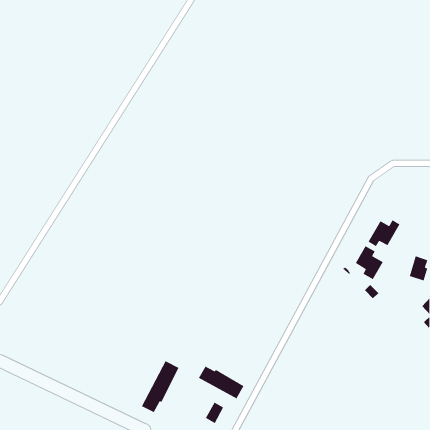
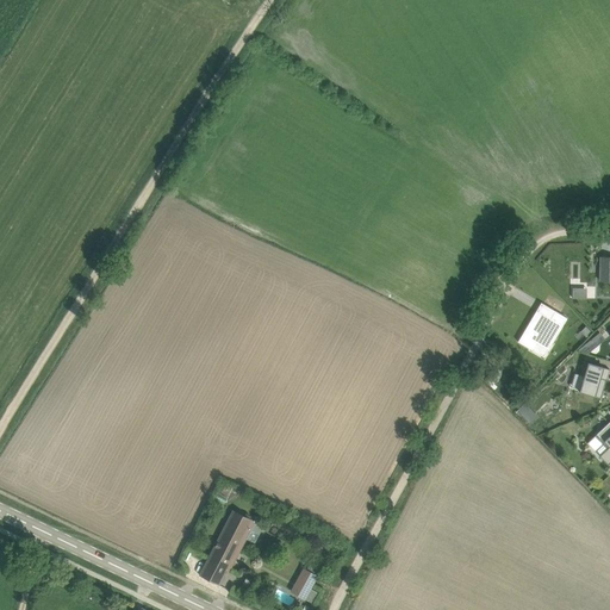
building: [355,245,384,280] -> none
building: [198,365,244,400] -> none

